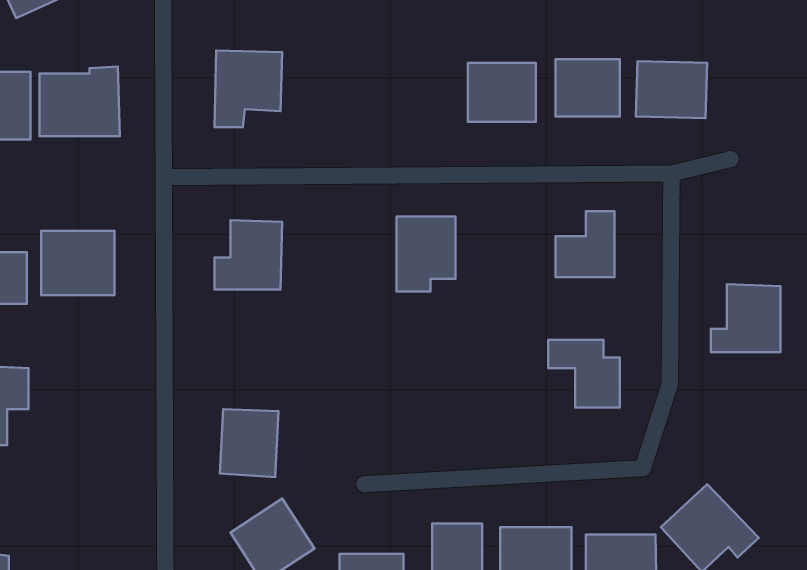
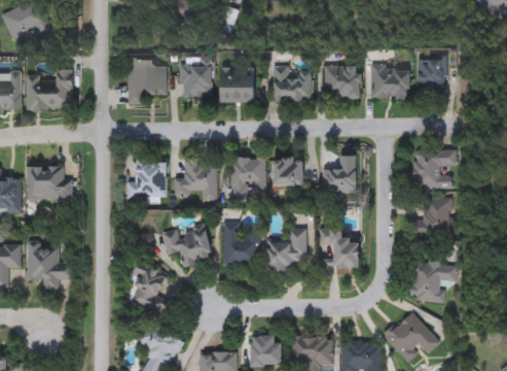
building: none -> [419,56,445,98]
building: none -> [181,58,212,98]
building: none -> [220,68,253,103]
building: none -> [412,149,456,189]
building: none -> [275,157,303,183]
building: none -> [175,159,216,200]
building: none -> [223,223,259,266]
building: none -> [160,225,211,264]
building: none -> [267,228,306,272]
building: none -> [27,243,72,289]
building: none -> [410,255,456,302]

